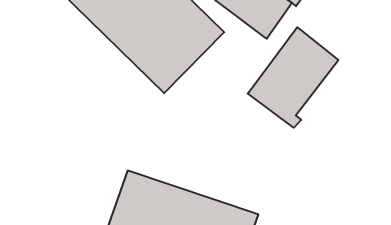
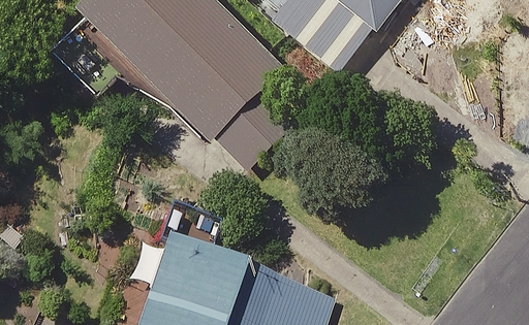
building: [248,27,338,128] -> none

